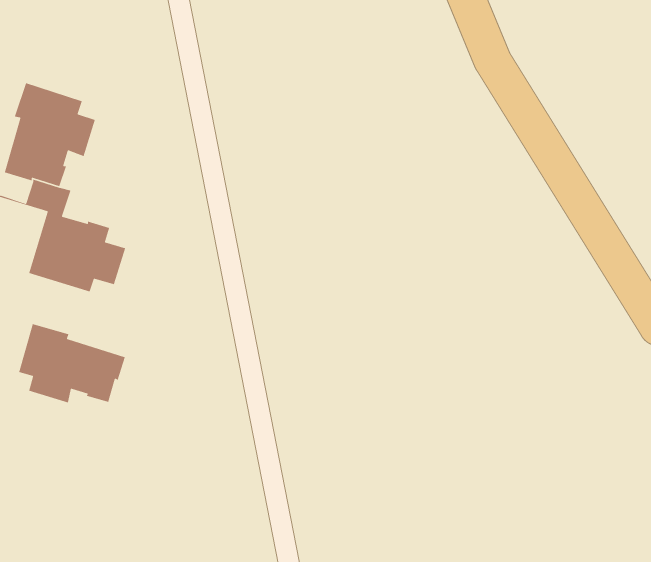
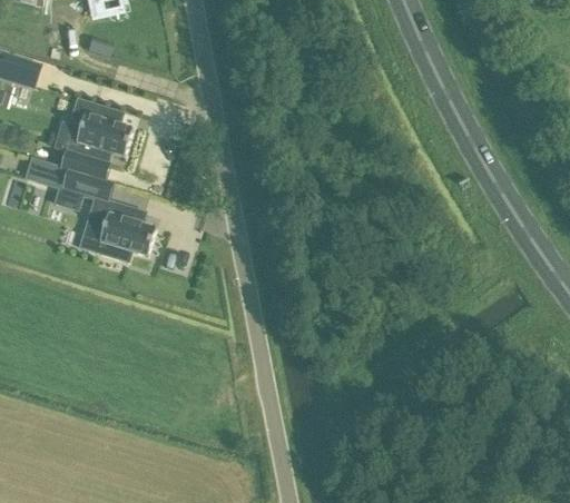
building: [18,323,126,403] -> none

